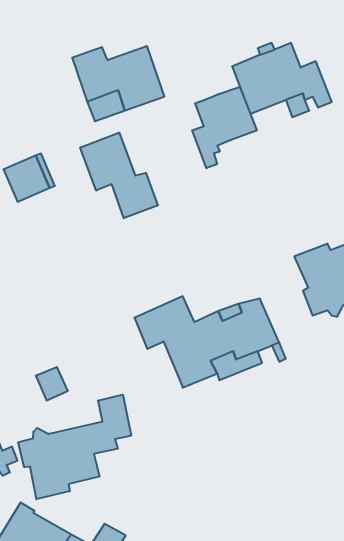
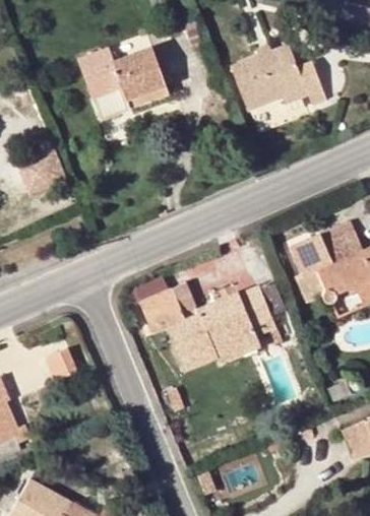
building: [192,87,257,168] -> none
building: [80,133,158,218] -> none
building: [18,395,131,499] -> none

